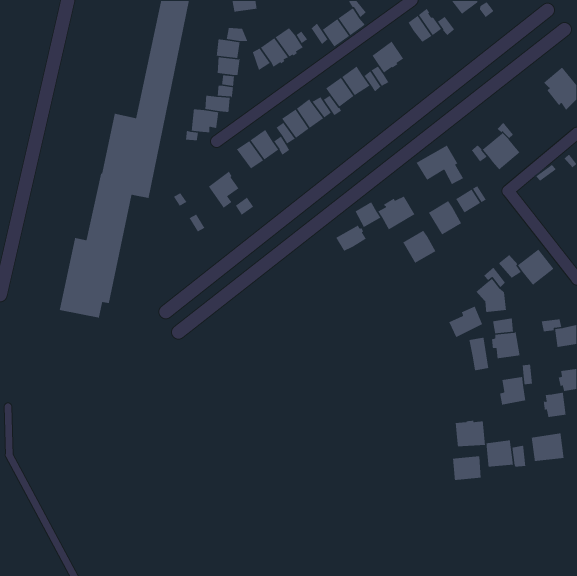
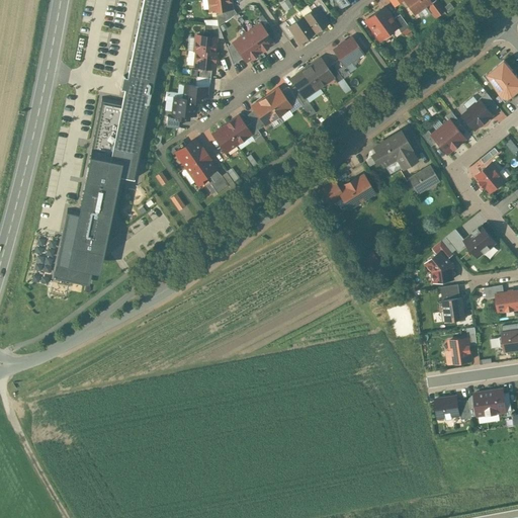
building: none -> [463,101,493,130]
building: none -> [175,140,205,168]
building: none -> [477,161,507,193]
building: [428,200,462,235] -> none
building: [335,225,367,252] -> none
building: [402,230,436,264] -> none
building: [448,305,483,338] -> none
building: [469,337,489,371] -> none
building: [543,392,567,418] -> none
building: [455,420,486,447] -> none
building: [452,456,481,481] -> none

